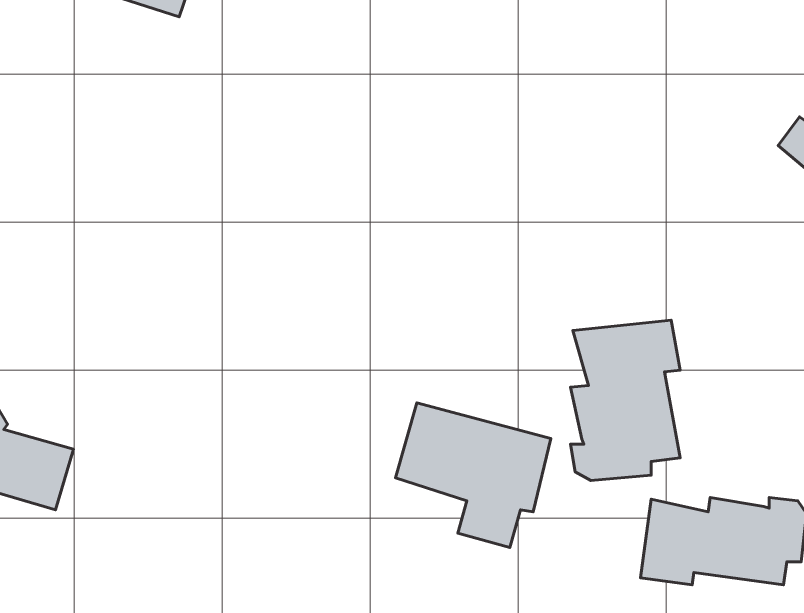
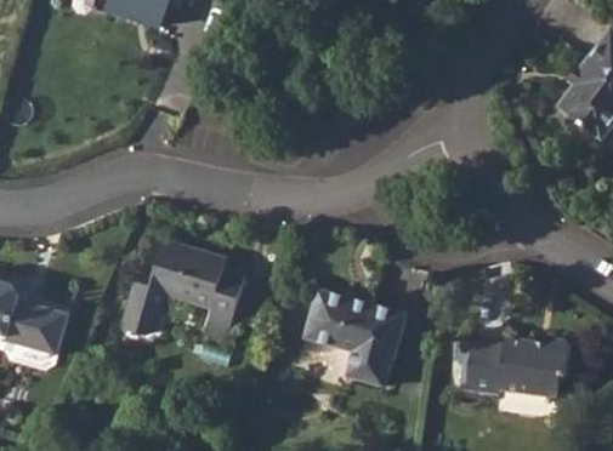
building: [571,320,680,480] -> none
building: none -> [125,246,240,341]

